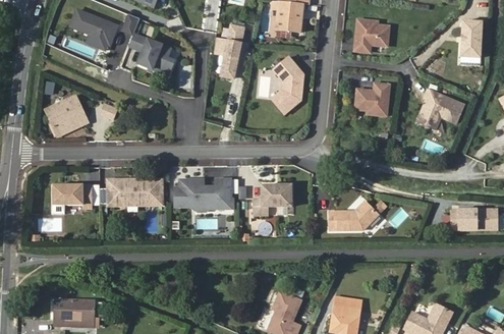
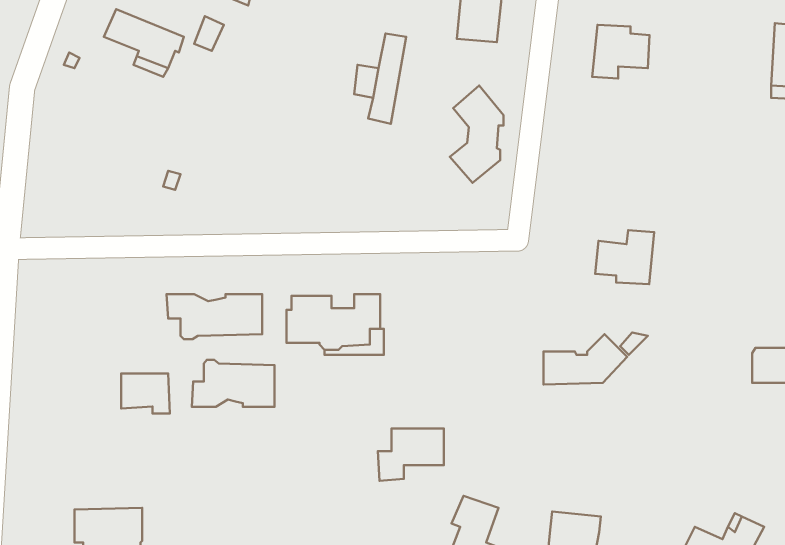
building: [127,37,173,78] -> none
building: [356,82,391,114] -> [595,230,654,284]
building: [417,89,463,127] -> none
building: [47,97,87,131] -> none
building: [63,182,92,206] -> [121,374,170,414]
building: [251,183,290,214] -> [378,429,444,481]
building: none -> [192,360,274,407]

